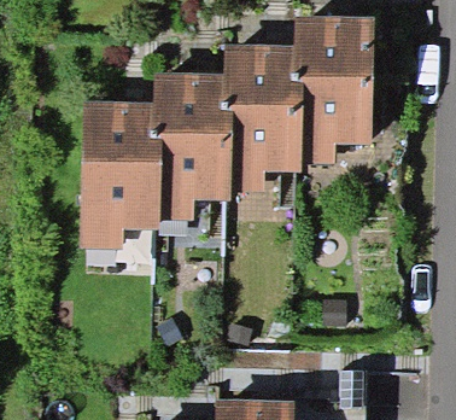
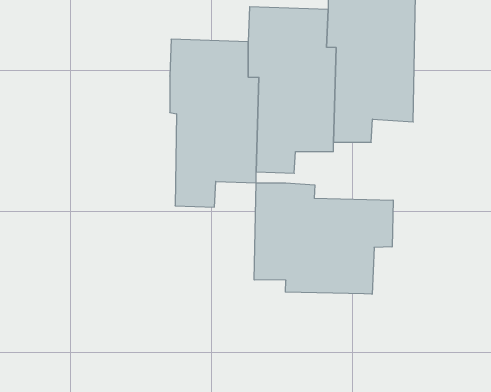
building: [82,101,162,249] -> none
building: none -> [254,183,393,294]

